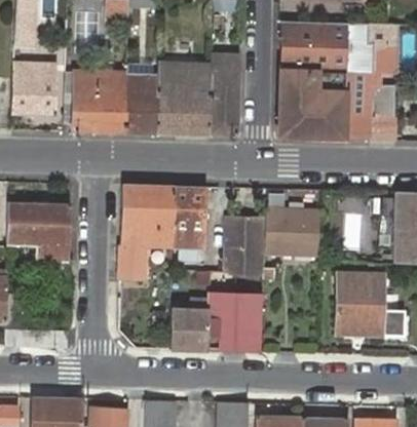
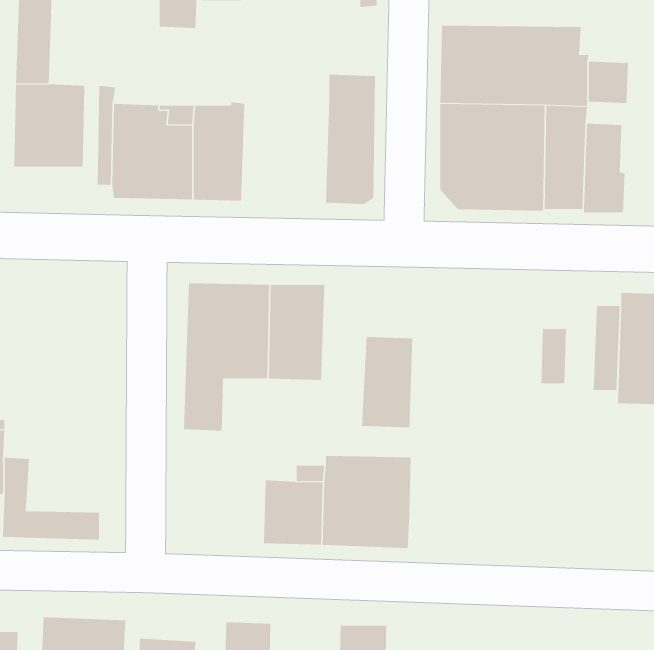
building: [156,70,211,135] -> none
building: [8,201,71,261] -> none
building: [265,209,320,254] -> none
building: [337,271,405,336] -> none

